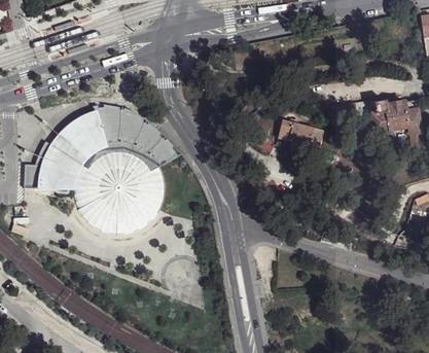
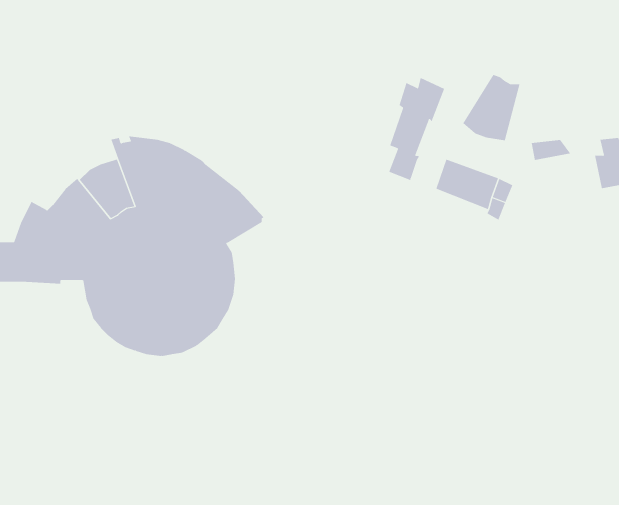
building: none -> [463,74,520,141]
building: none -> [389,77,445,181]

